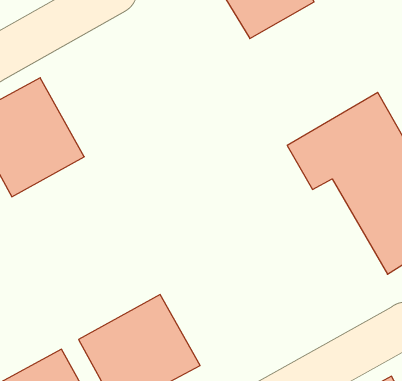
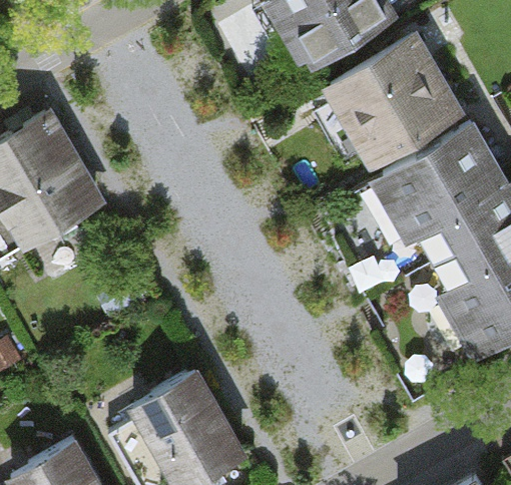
building: none -> [326,31,458,154]

